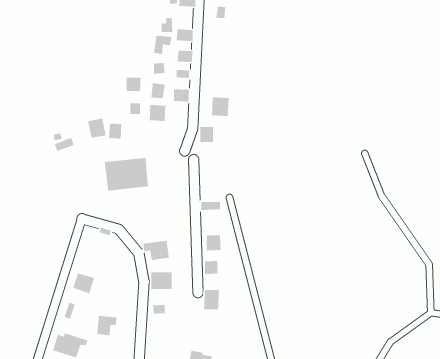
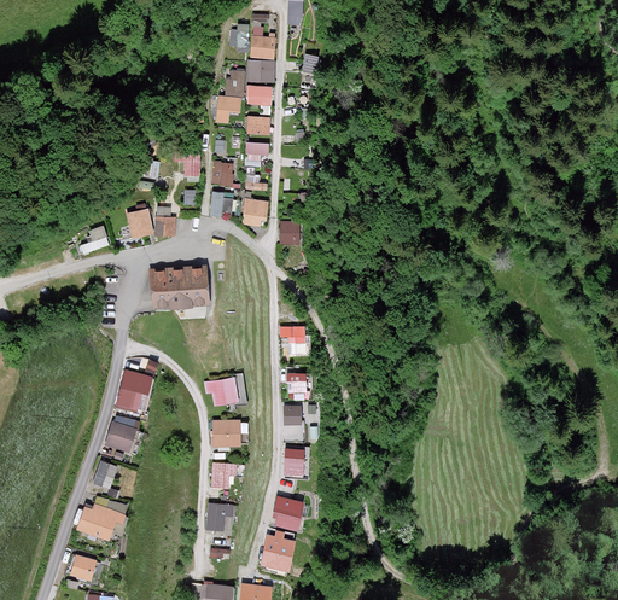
building: none -> [246,63,273,82]
building: [211,97,229,117] -> [241,199,267,227]
building: none -> [115,369,151,410]
building: [96,315,117,336] -> [203,502,232,531]
building: none -> [273,494,305,529]

